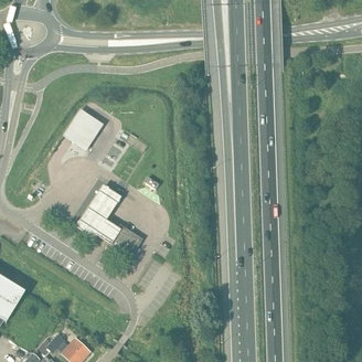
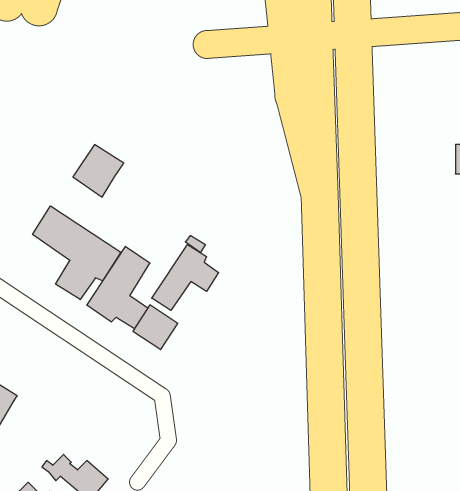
building: none -> [33,206,121,300]
building: none -> [152,245,219,310]

